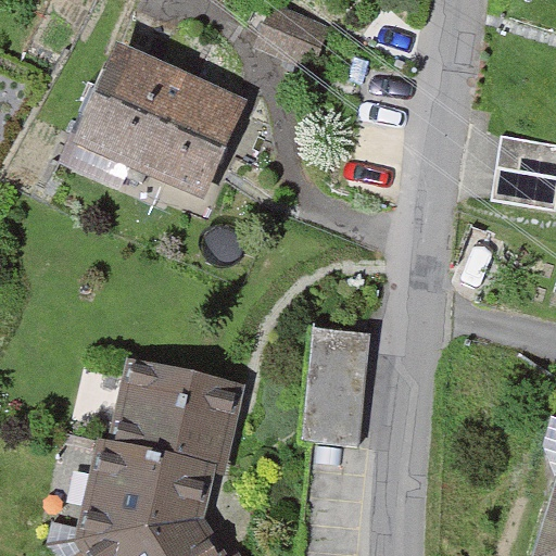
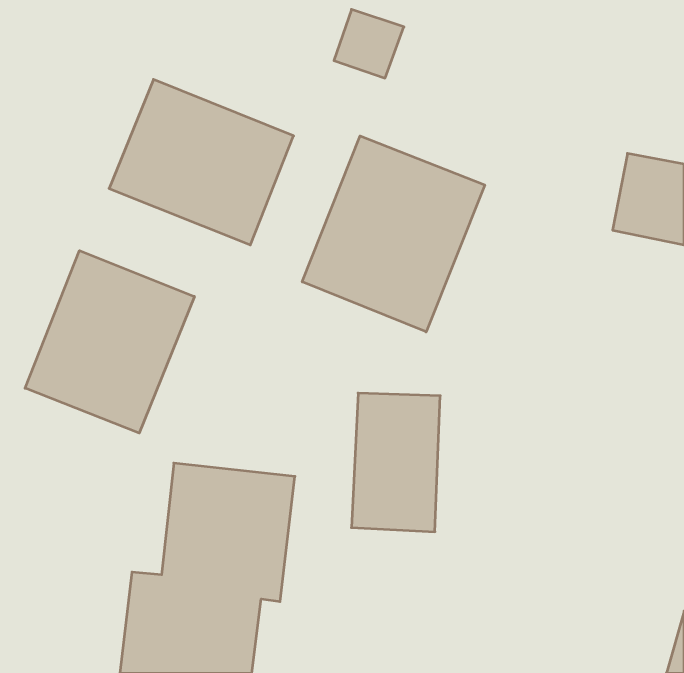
building: none -> [302,136,485,332]
building: none -> [25,251,194,433]

